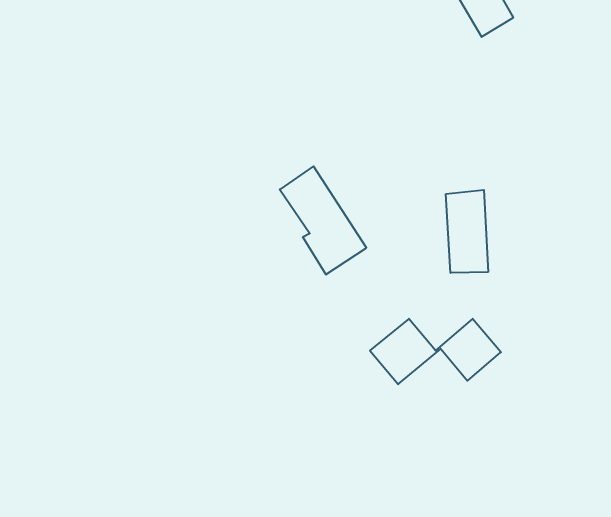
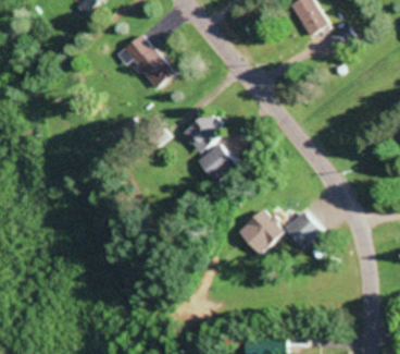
building: none -> [116,33,175,88]
building: [446,190,488,273] -> none

